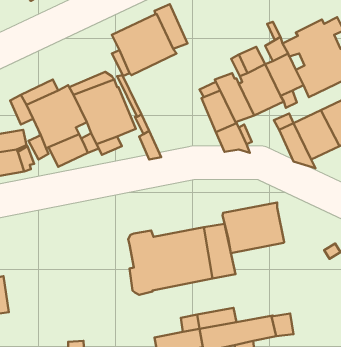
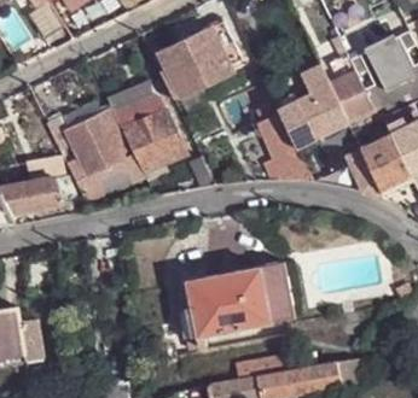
building: [223,202,284,253] -> none

